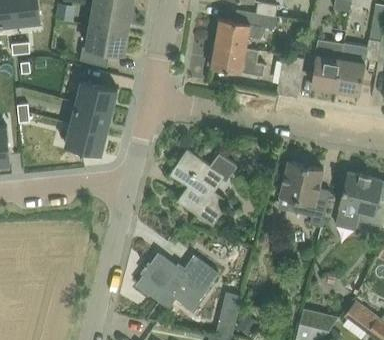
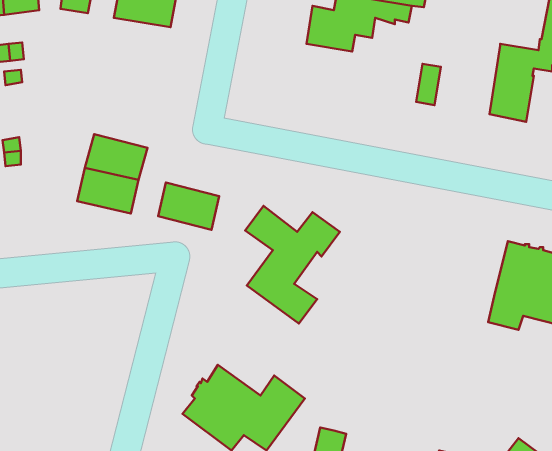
building: [79,27,126,68] -> none
building: [310,40,342,90] -> none
building: [210,44,264,77] -> none
building: [76,81,116,112] -> [158,183,219,230]
building: [279,163,330,228] -> none

